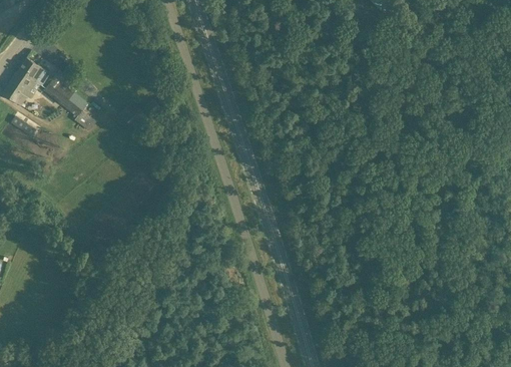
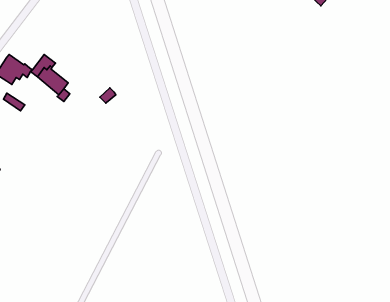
building: [23,61,55,90] -> none

